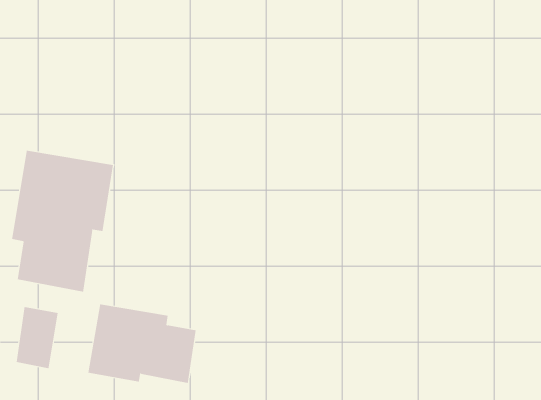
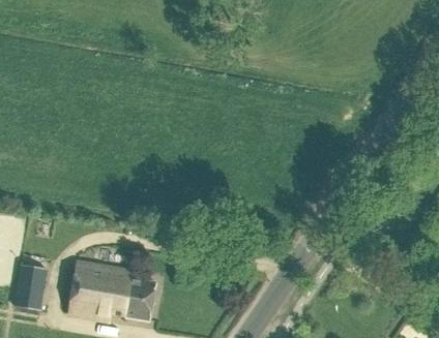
building: [12,150,114,293] -> none

